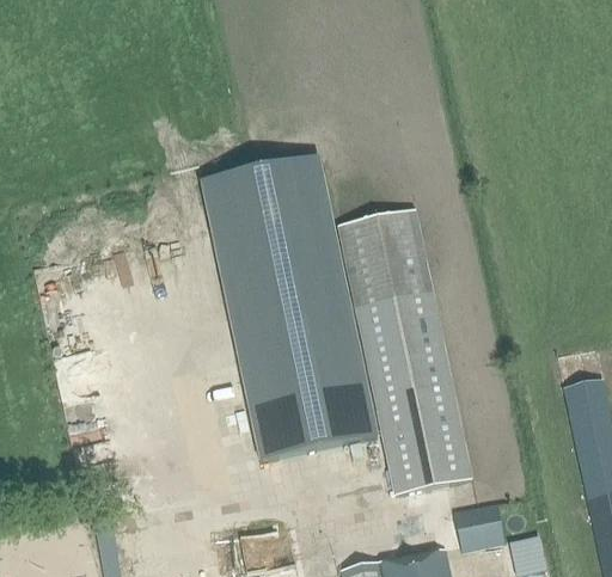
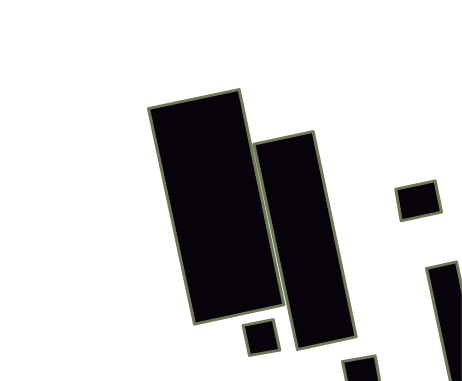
building: none -> [396,181,442,221]
building: none -> [243,319,280,355]

